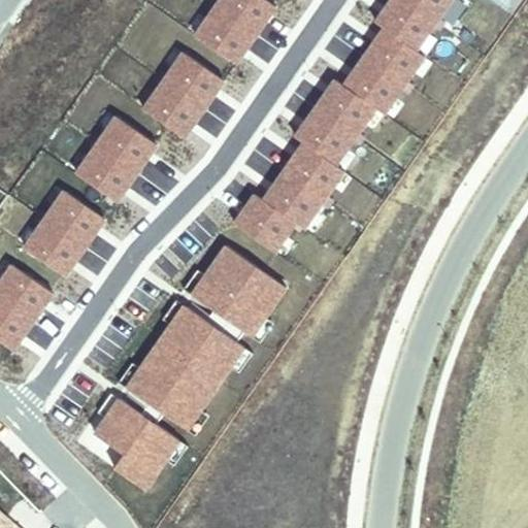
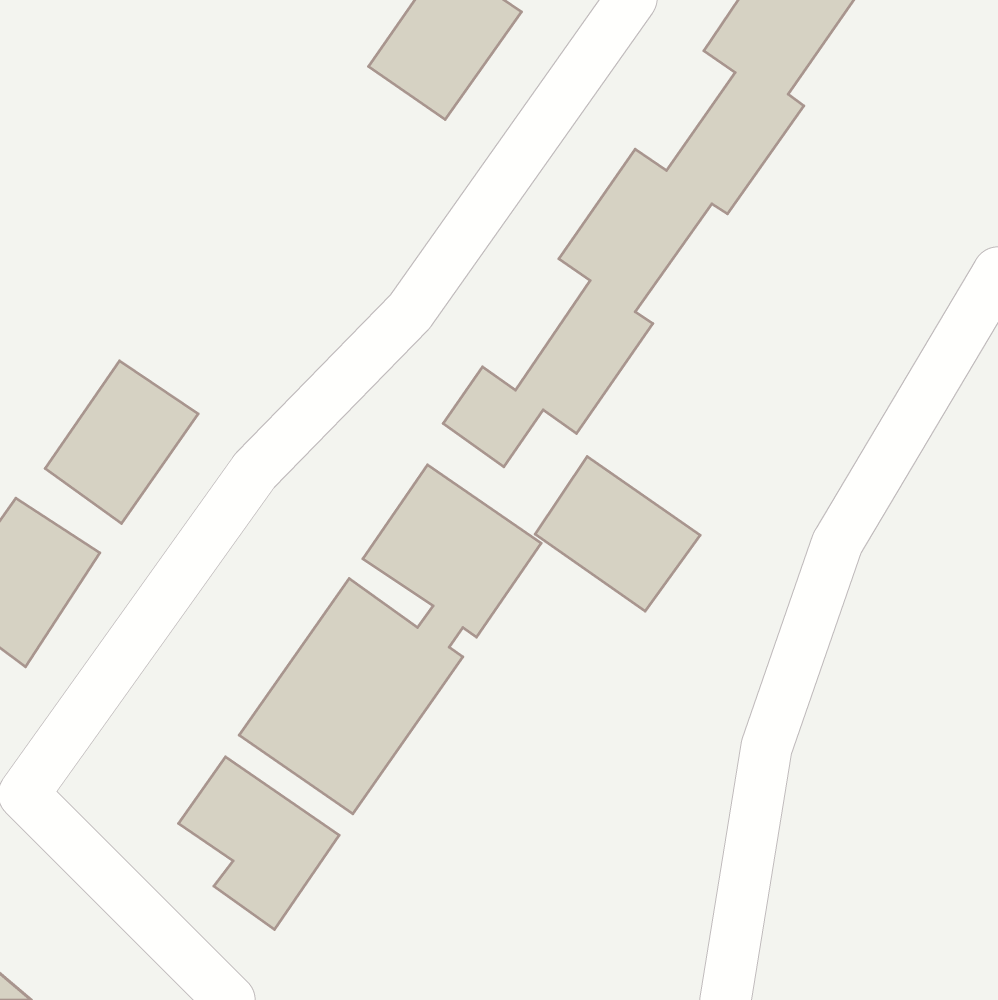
building: [142,52,223,137] -> none
building: [75,116,156,201] -> none
building: none -> [535,457,700,611]

